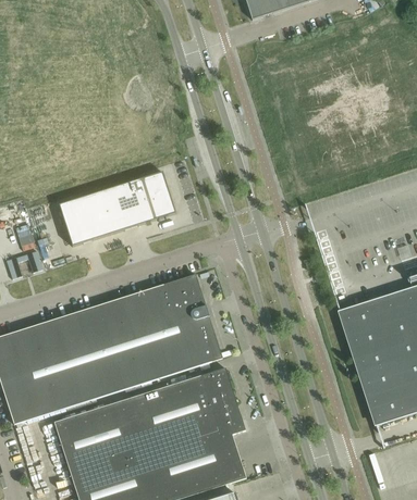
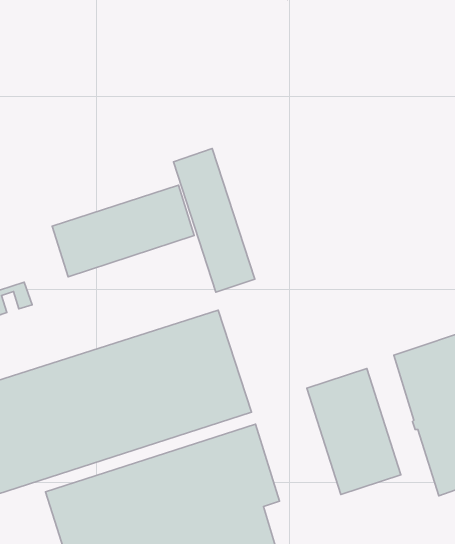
building: none -> [173,149,255,292]
building: none -> [307,369,401,494]

